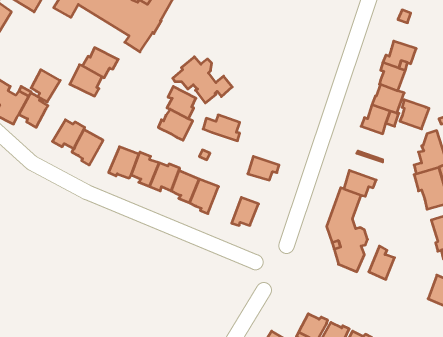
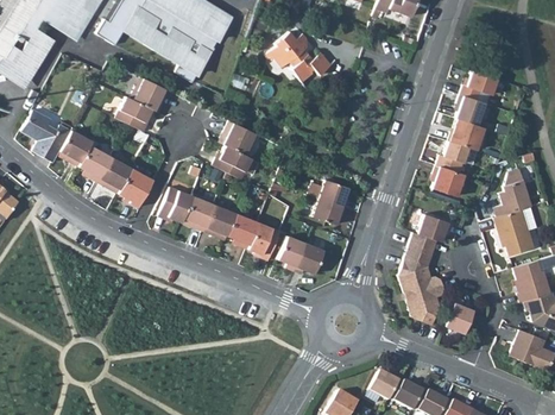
building: [173,57,232,103] -> [266,31,332,82]
building: [31,70,60,102] -> [80,145,112,181]
building: [400,100,429,129] -> [433,164,465,196]
building: [203,115,240,141] -> [309,178,349,207]
building: none -> [278,235,305,271]

